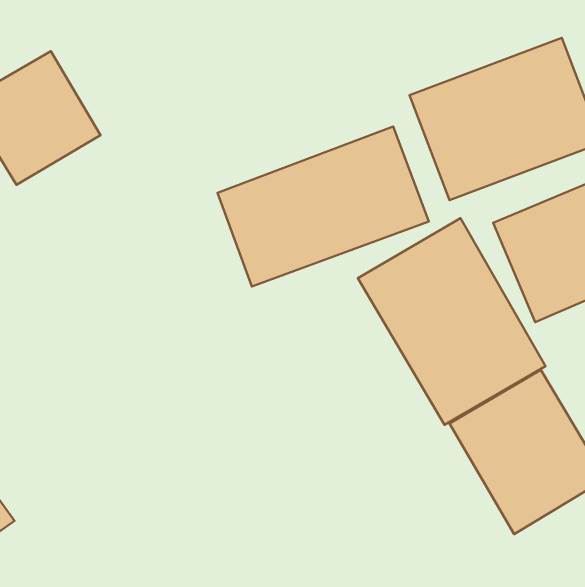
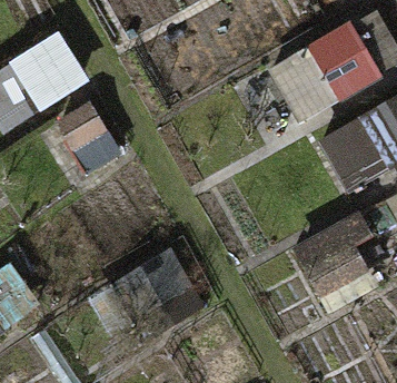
building: [218,127,429,286] -> none
building: [358,218,546,425] -> none

